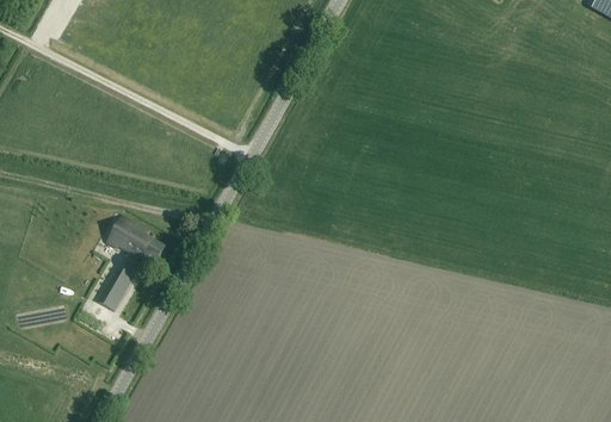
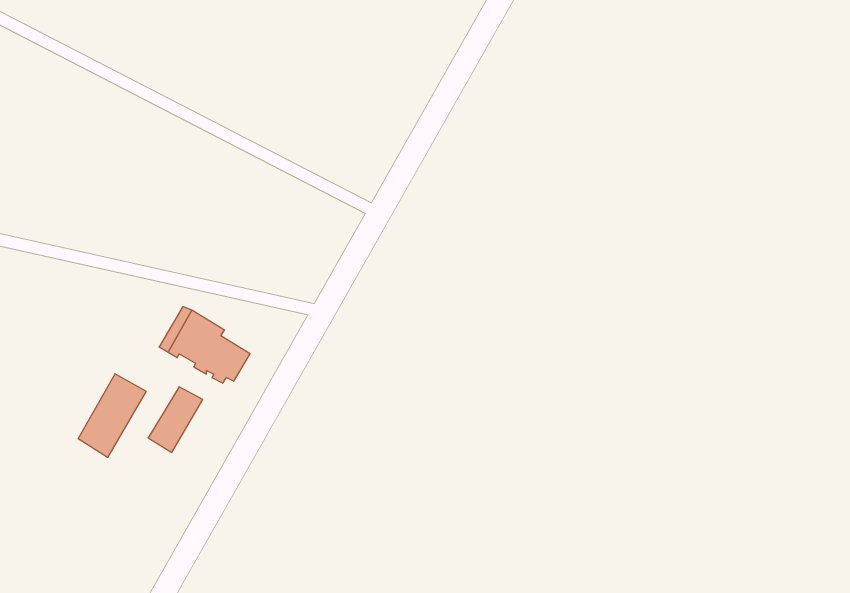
building: none -> [78,374,146,457]

